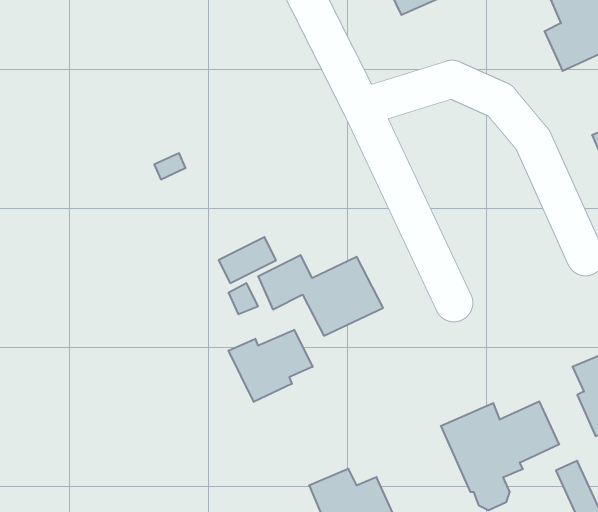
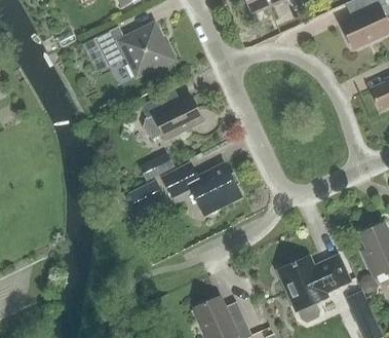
building: none -> [92,23,176,77]
building: none -> [140,89,202,140]
building: [229,330,313,402] -> none

